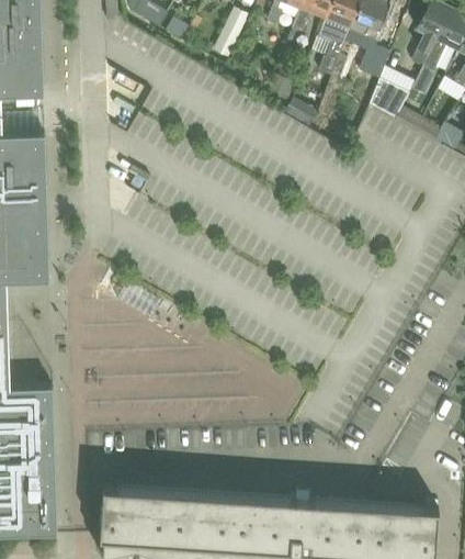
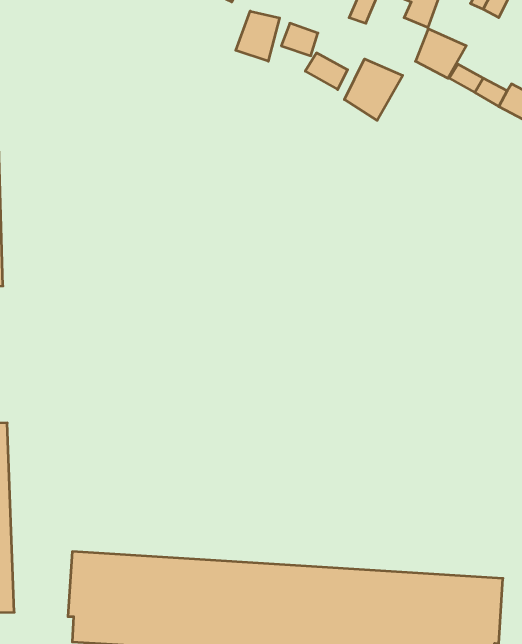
building: none -> [236,11,280,61]
building: none -> [344,59,403,120]

